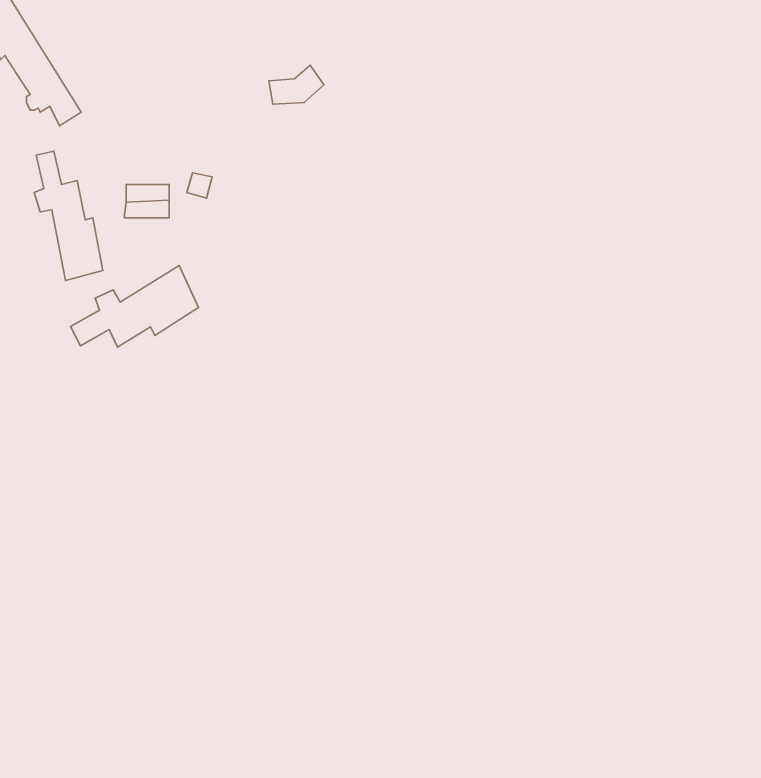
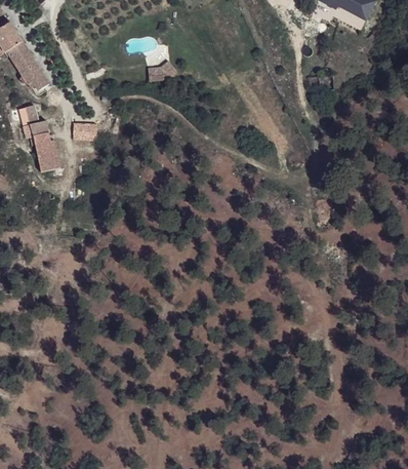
building: [71,265,199,347] -> none

